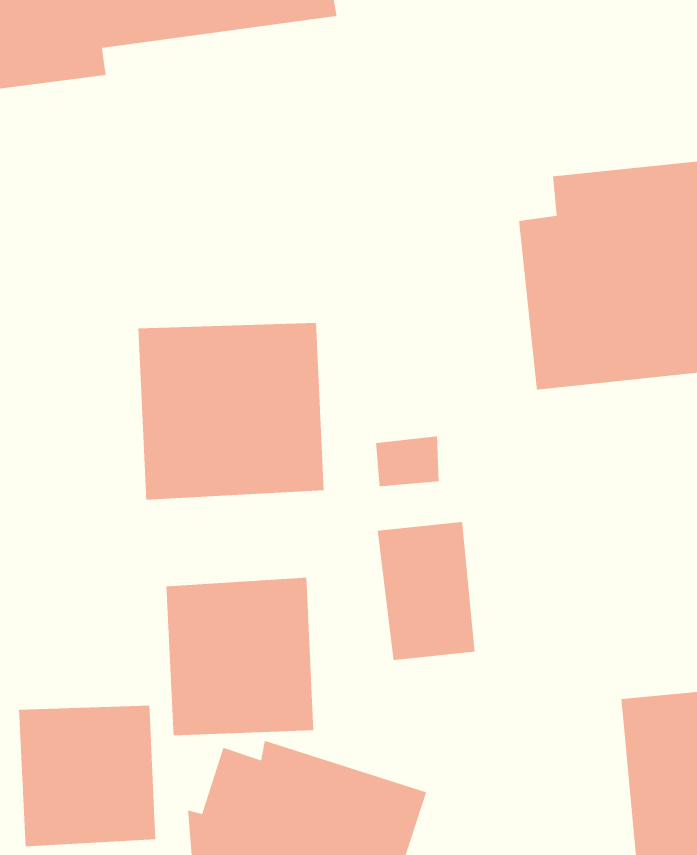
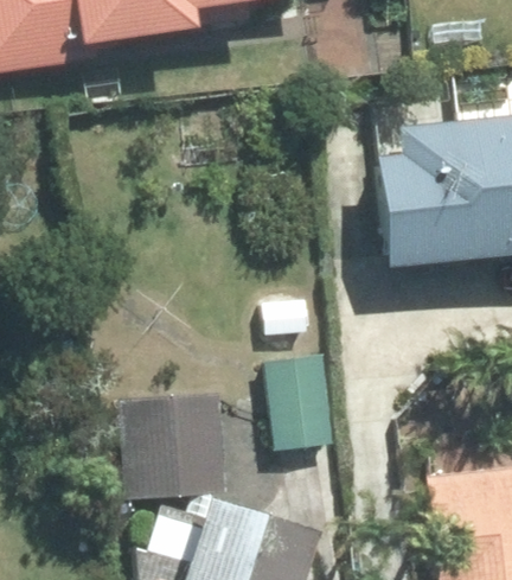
building: [138,322,324,500] -> none
building: [18,705,156,847] -> none

